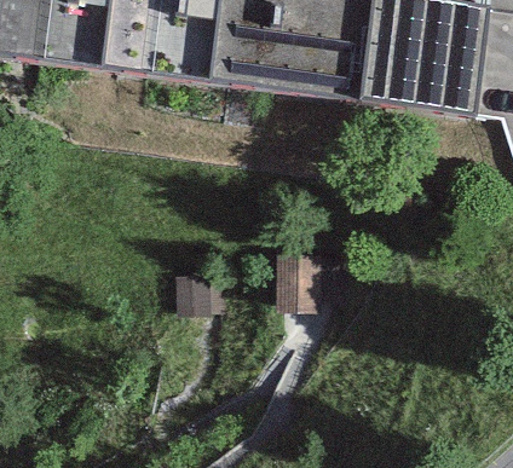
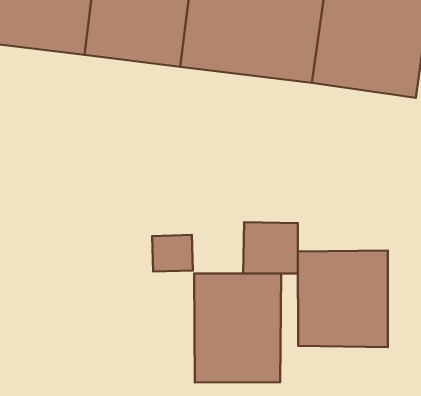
building: none -> [298,251,388,347]
building: none -> [194,274,281,383]

